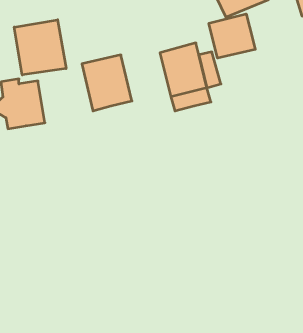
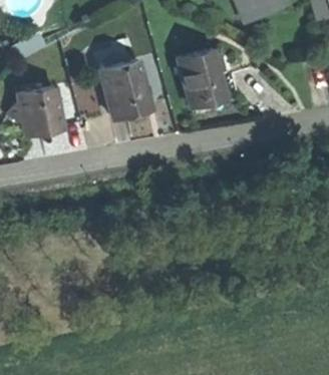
building: [209,14,255,58] -> none
building: [14,20,66,75] -> none

